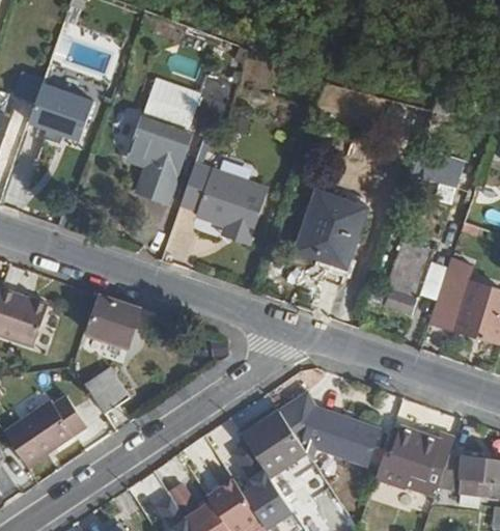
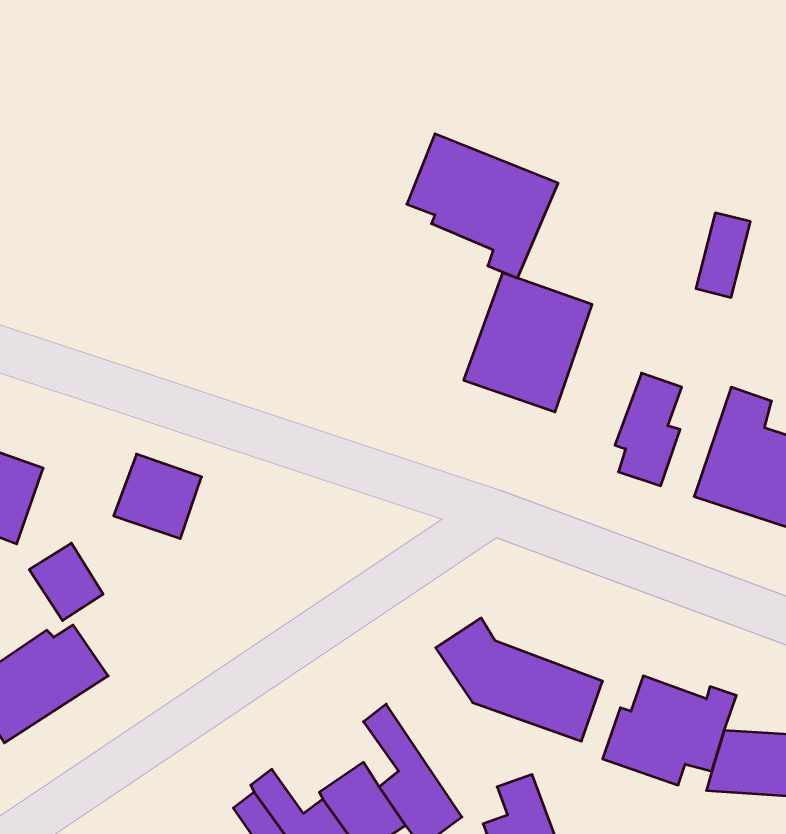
building: [128,73,241,204] -> none
building: [30,84,95,141] -> none
building: [183,164,272,249] -> [407,134,558,278]
building: [84,370,128,416] -> [29,543,103,621]
building: [241,410,304,474] -> none

